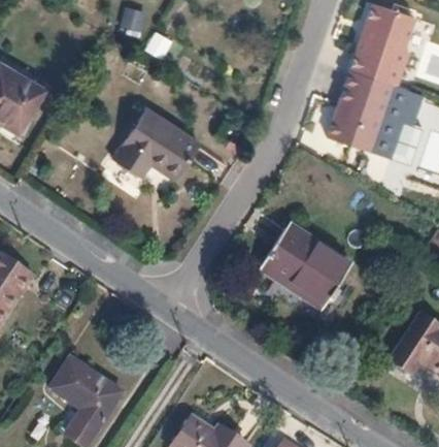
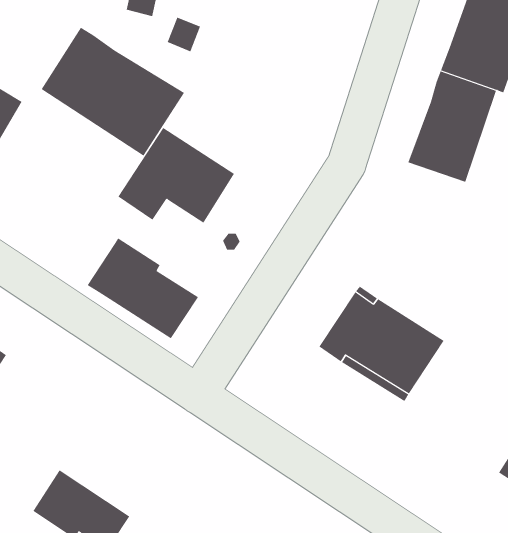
building: none -> [41,27,185,156]
building: none -> [87,237,199,339]

